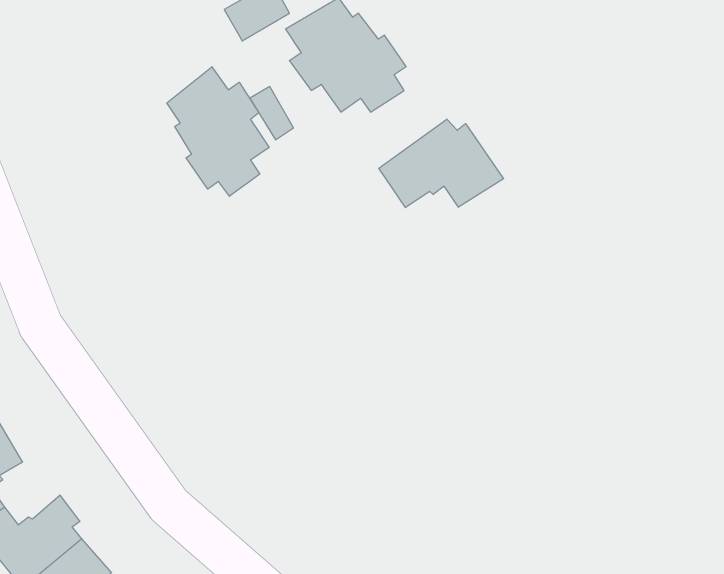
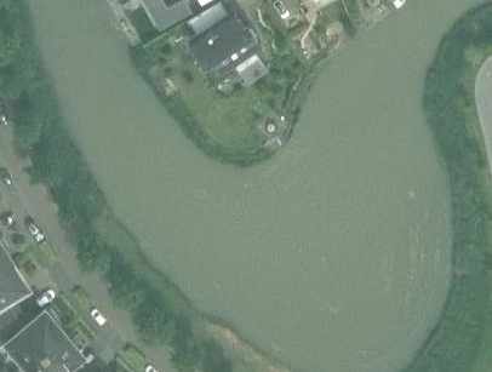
building: [167,67,269,196] -> none
building: [379,119,504,208] -> none

